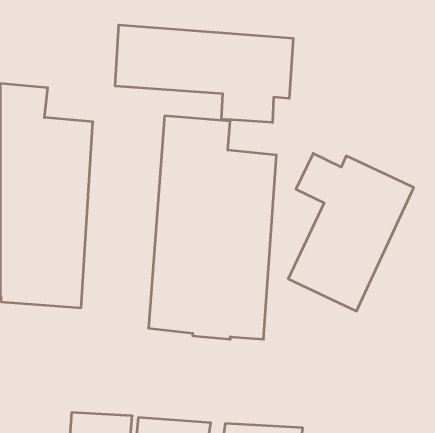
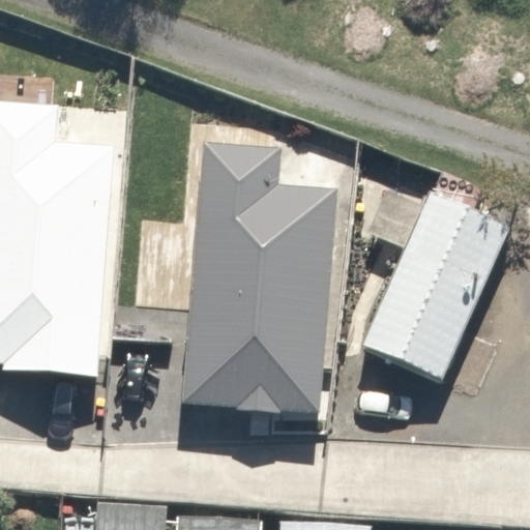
building: [115,25,293,123] -> none

